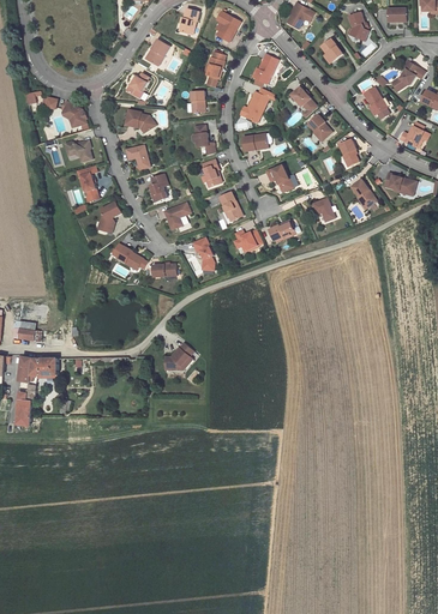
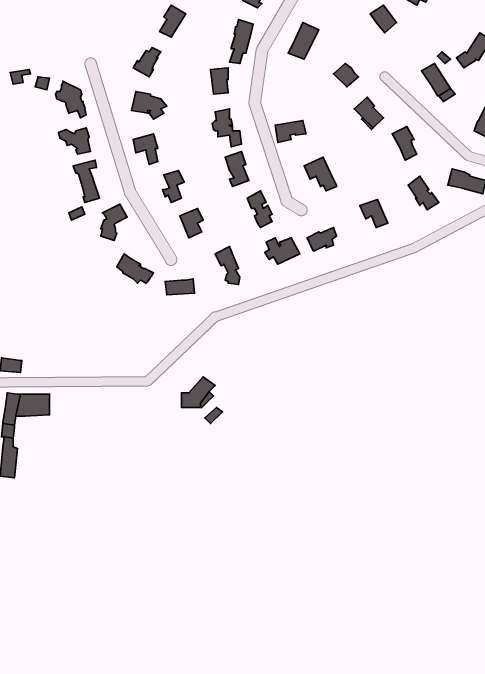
building: [244,86,274,122] -> none

